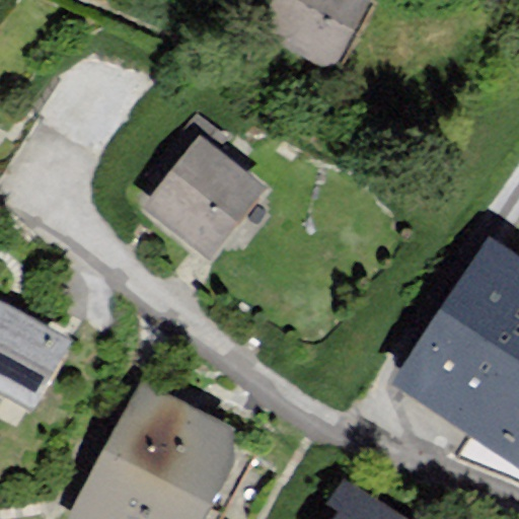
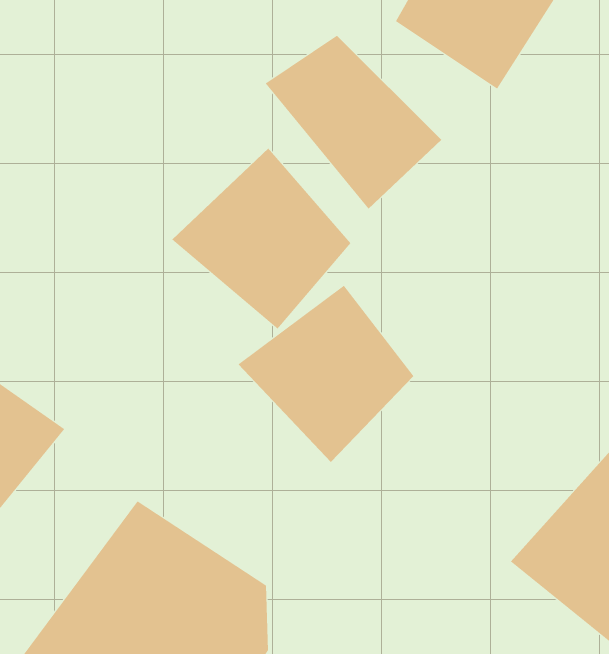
building: none -> [265,35,442,210]
building: none -> [238,285,414,463]

